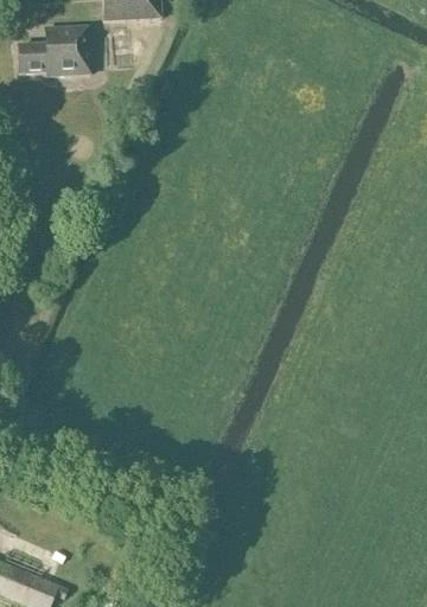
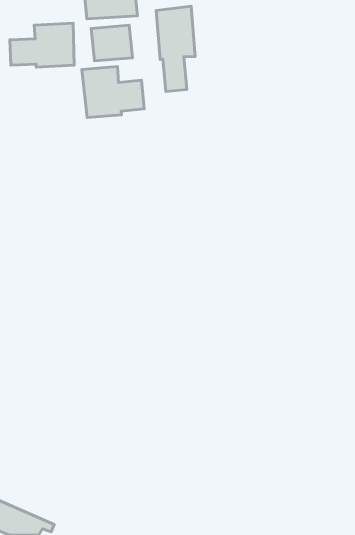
building: none -> [156,6,195,92]
building: none -> [82,67,144,118]

